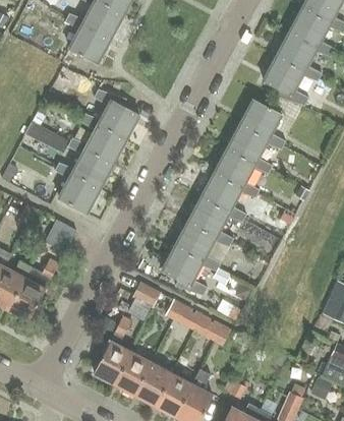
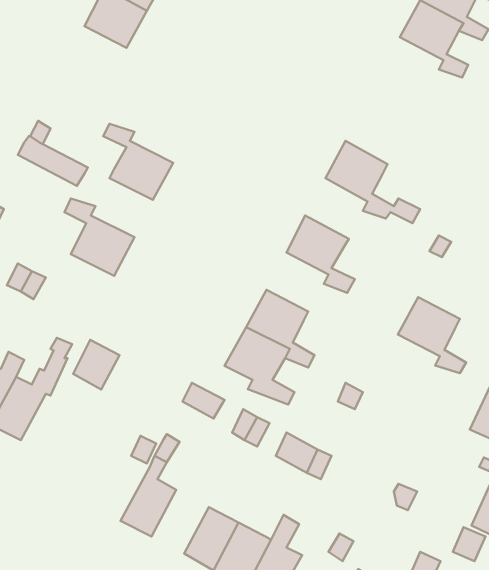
building: [263,55,308,106] -> none
building: [95,87,140,137] -> none
building: [240,99,285,149] -> none
building: [69,136,114,186] -> none
building: [214,147,259,198] -> none
building: [188,196,233,246] -> [398,297,466,373]
building: [45,220,75,252] -> [73,340,120,389]
building: [113,352,151,394] -> none

